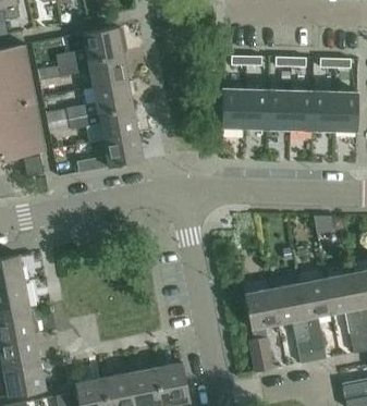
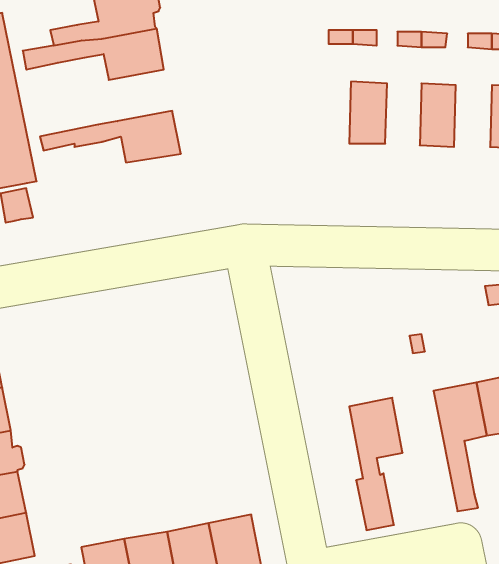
building: [47,81,135,123] -> none
building: [222,87,246,127] -> none
building: [268,89,291,128] -> none
building: [311,90,335,130] -> none
building: [77,134,144,172] -> none
building: [272,284,314,362] -> none

